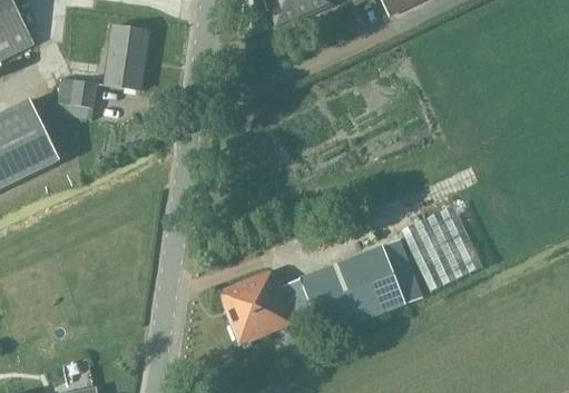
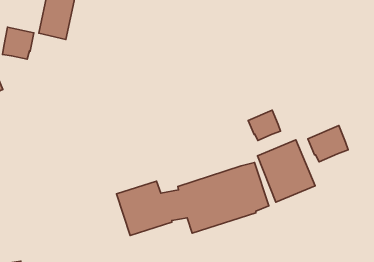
building: none -> [248,110,281,140]
building: none -> [308,126,348,162]

